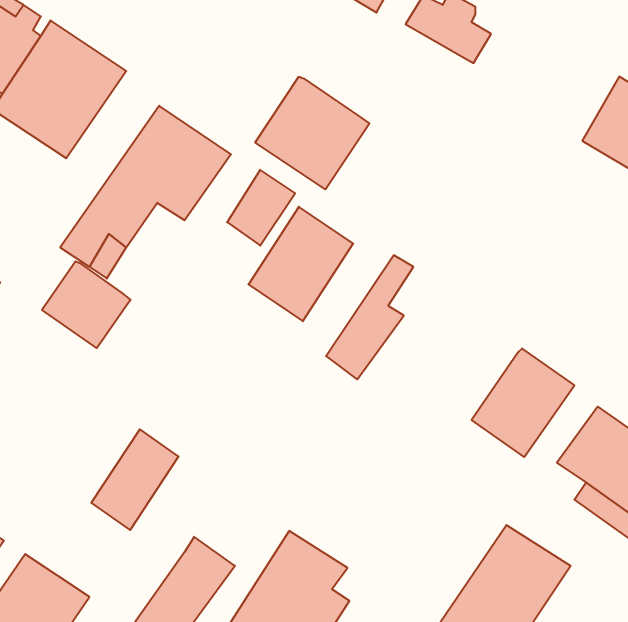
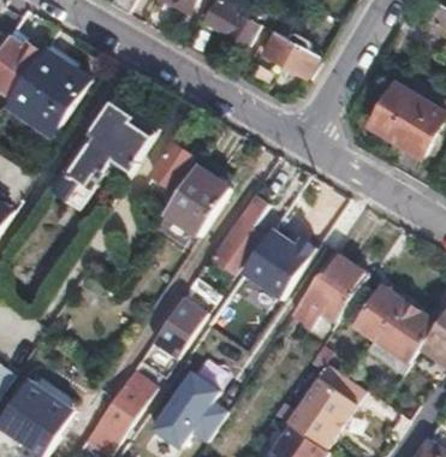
building: [255,77,369,189] -> none
building: [42,261,131,348] -> none
building: none -> [240,227,315,299]
building: [91,429,179,530] -> [153,295,207,357]

